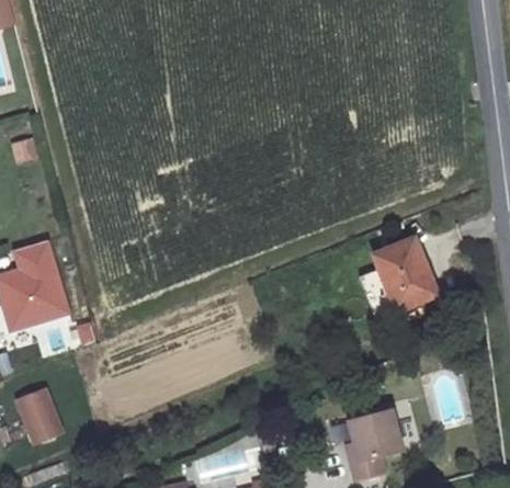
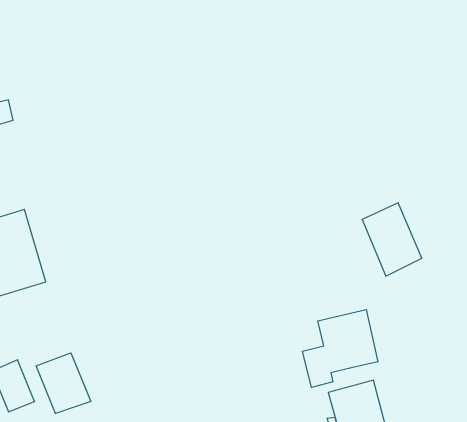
building: none -> [303,310,378,388]
building: none -> [36,353,91,414]

